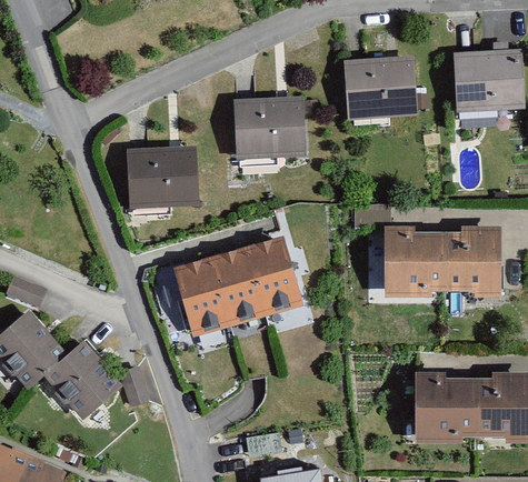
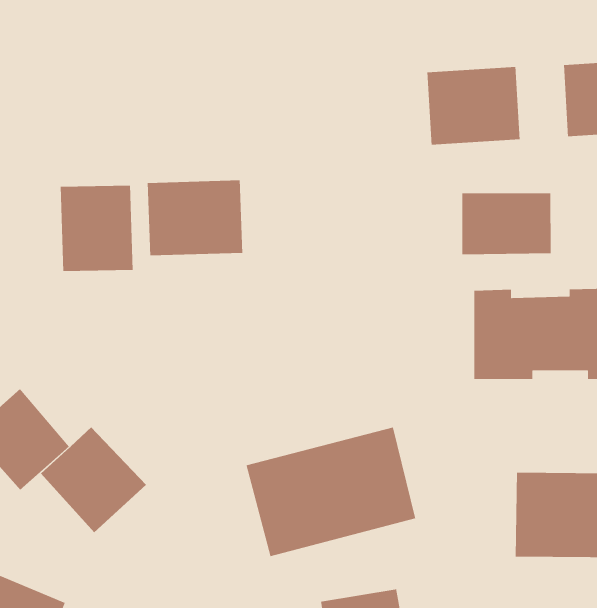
building: [232,94,307,159] -> none
building: none -> [60,185,133,272]
building: none -> [462,192,551,255]
building: [169,234,302,337] -> [246,427,416,557]

